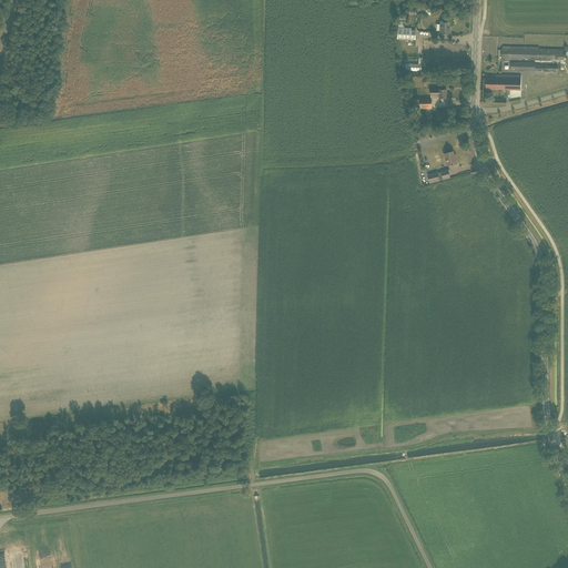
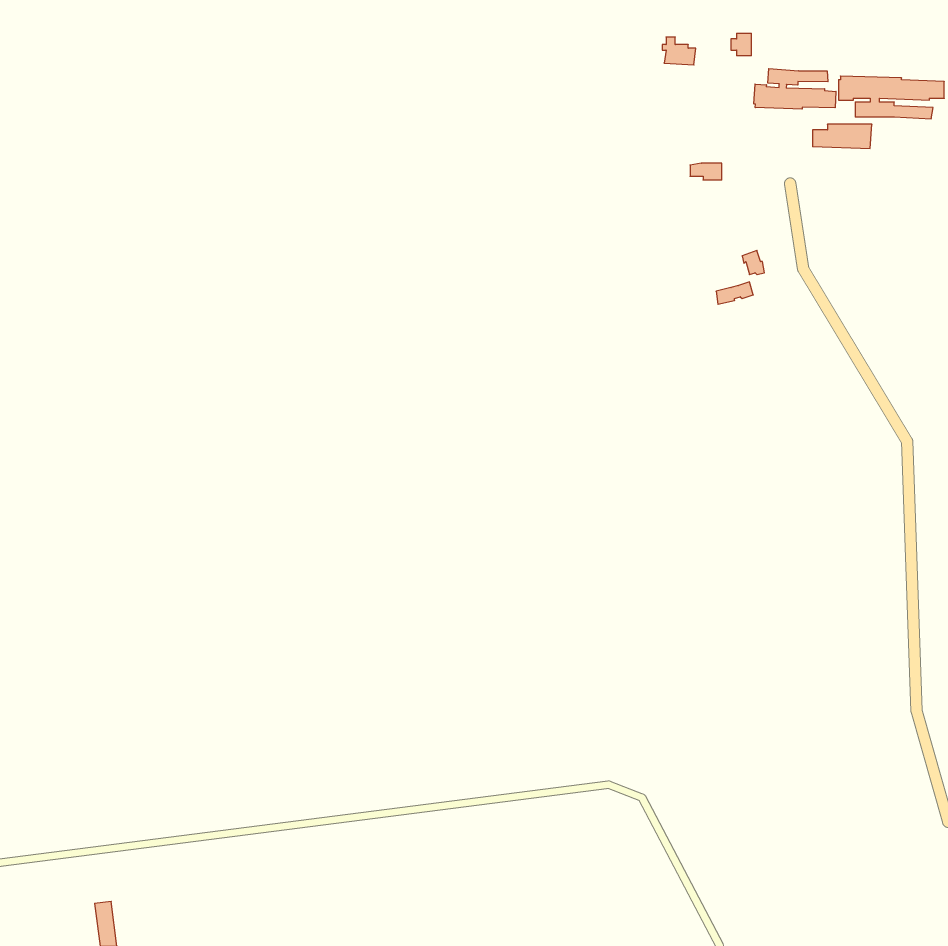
building: none -> [754,69,836,109]

